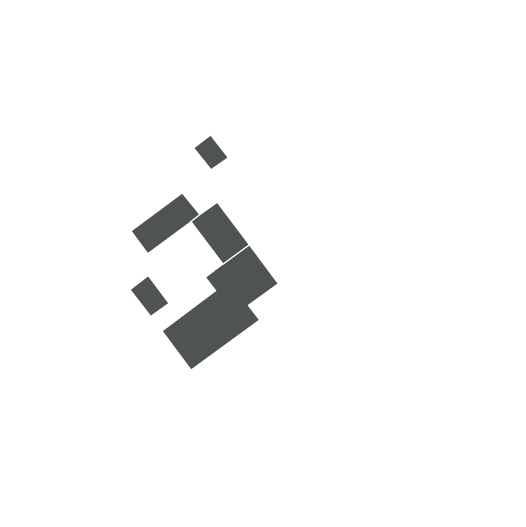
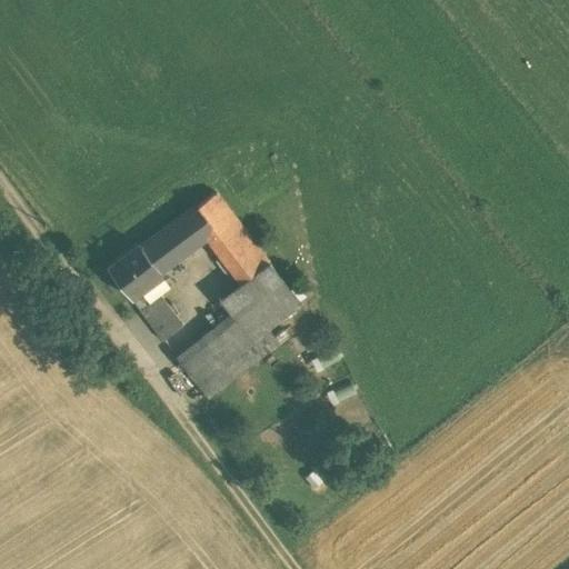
building: [193,135,229,170] -> [197,193,234,231]
building: none -> [107,244,161,299]

